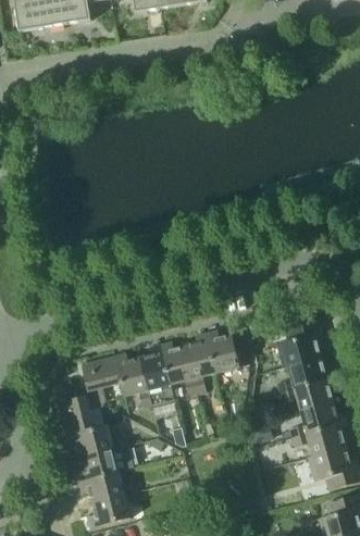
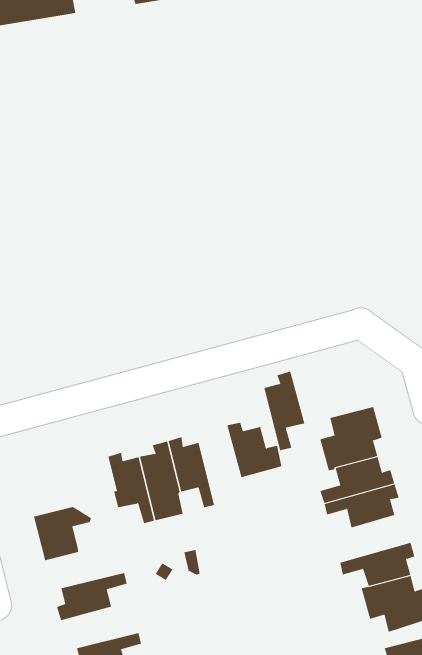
building: [184,332,215,392] -> [264,371,305,451]
building: [80,356,121,402] -> none
building: [288,400,345,436] -> none
building: [66,423,127,456] -> none
building: [78,470,138,501] -> none

